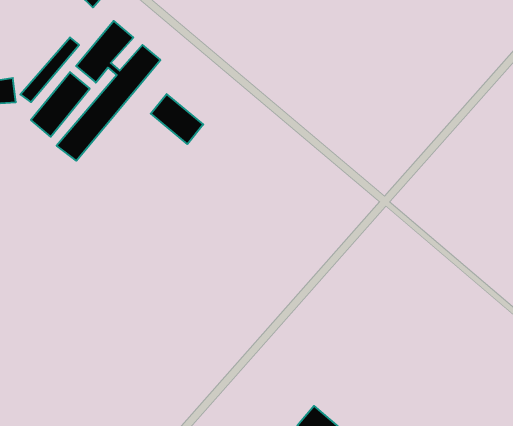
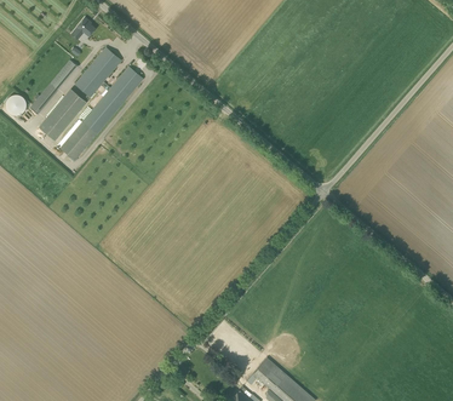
building: [151,94,203,144] -> none

